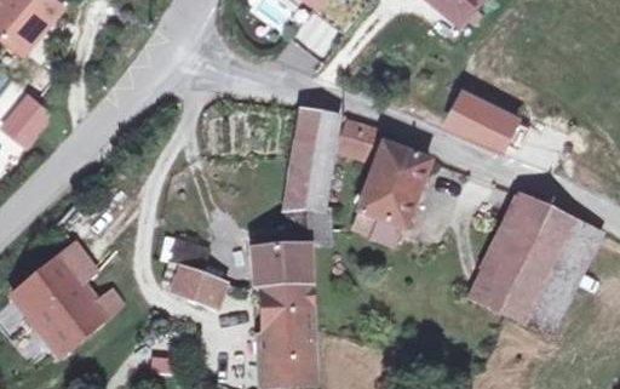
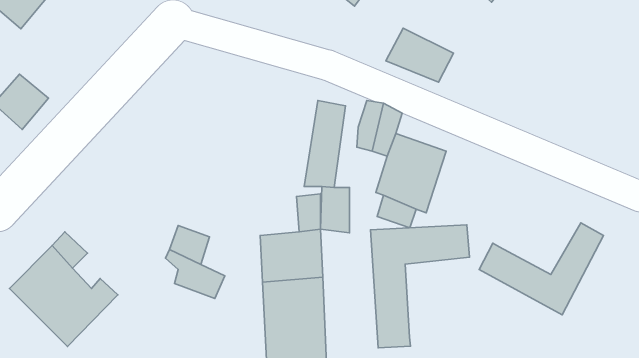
building: [446,87,511,139] -> [386,28,454,82]
building: [481,188,595,288] -> none
building: none -> [370,225,469,348]

